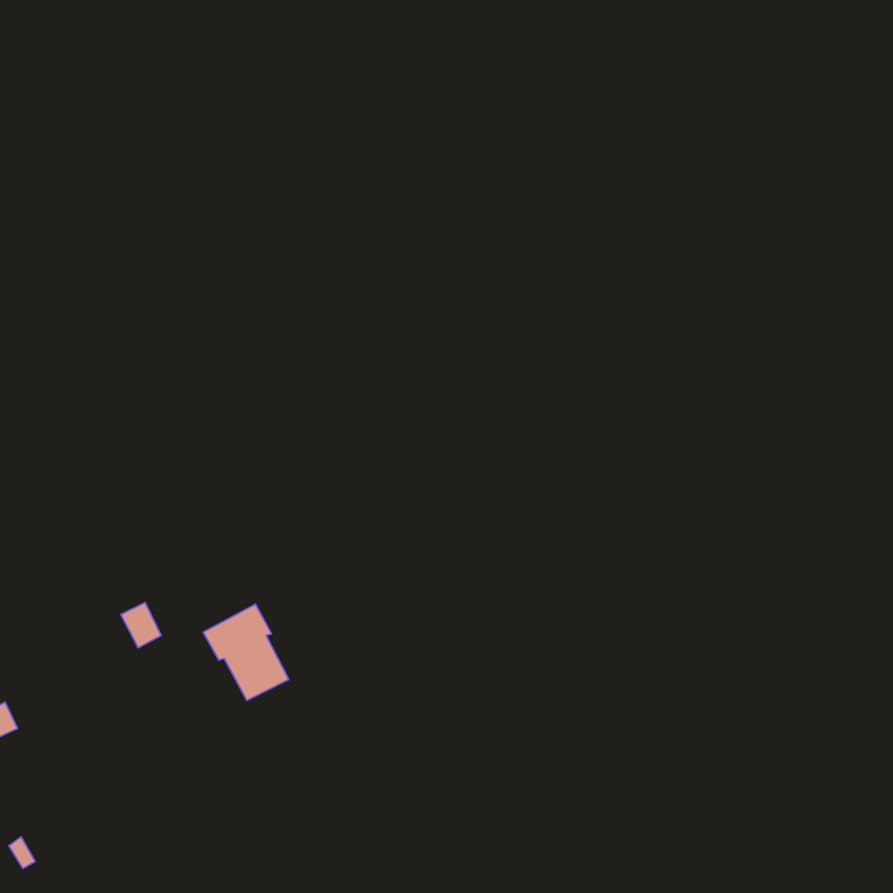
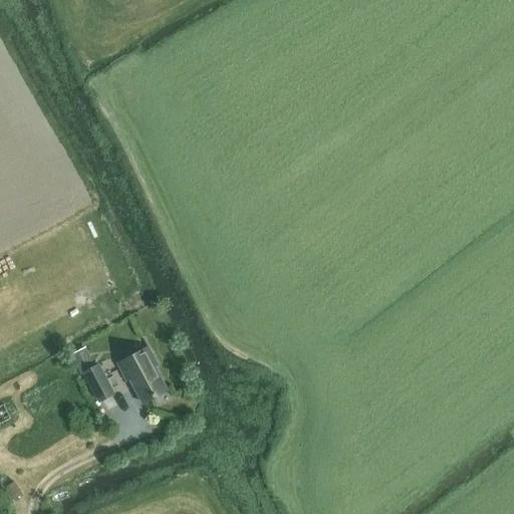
building: none -> [83,363,112,400]

